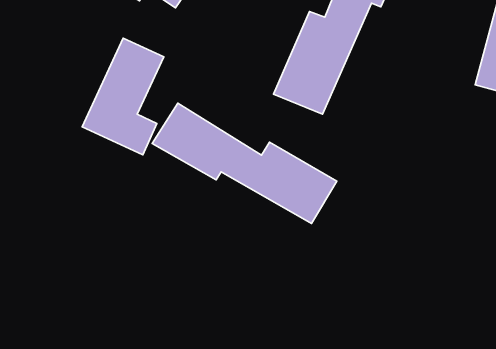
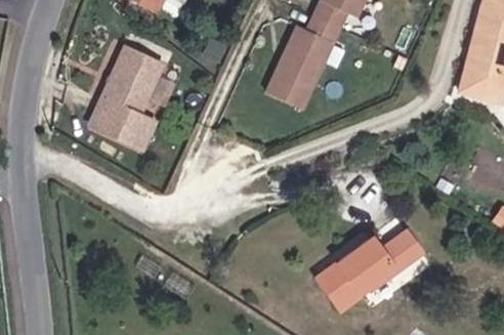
building: [152,103,337,224] -> none
building: none -> [319,233,425,315]

